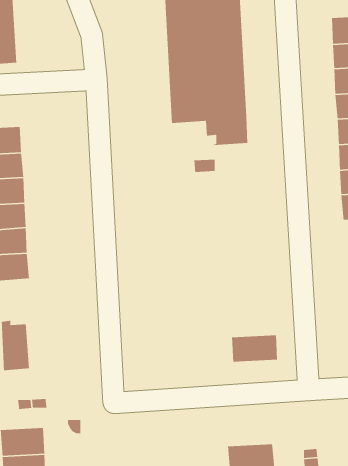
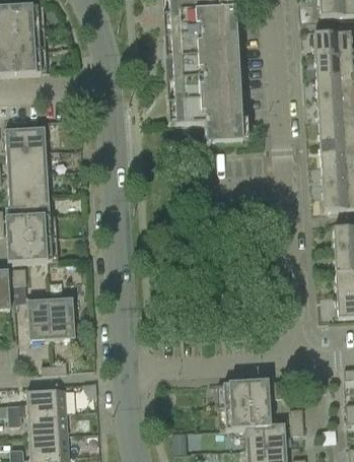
building: none -> [50,292,75,338]
building: [231,335,278,363] -> [223,381,264,405]

